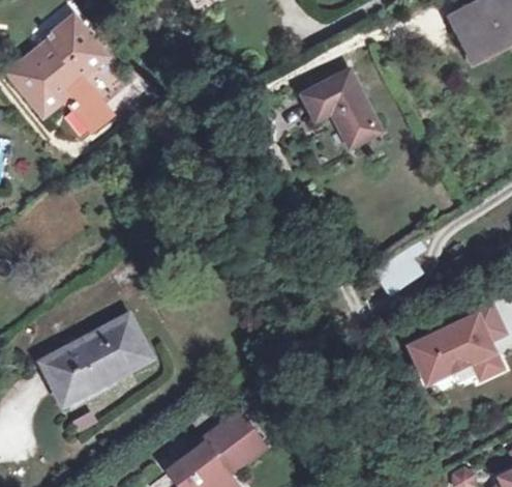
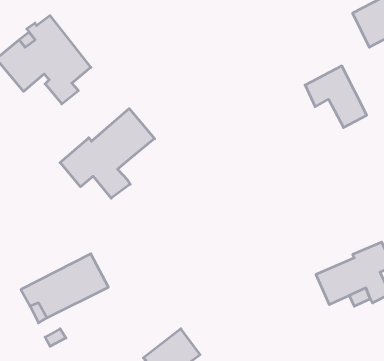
building: [303,70,380,147] -> [305,66,367,128]
building: none -> [60,109,155,198]

